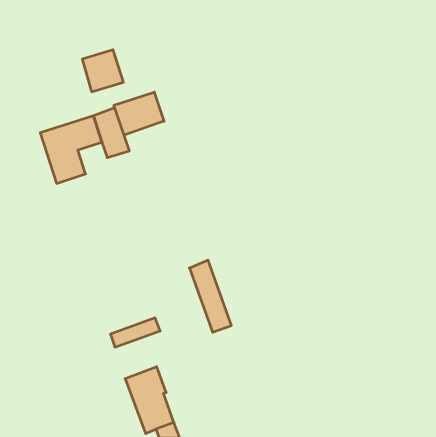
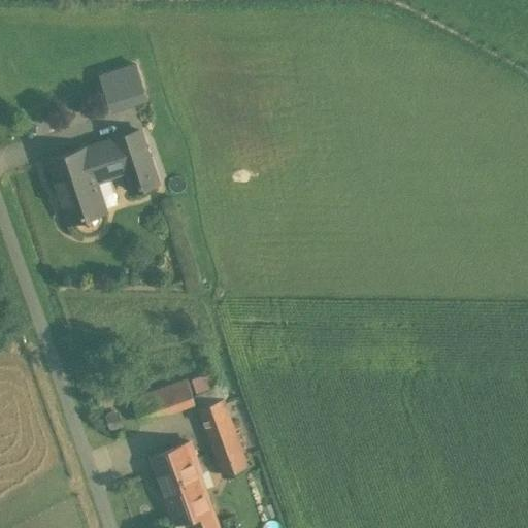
building: [114,92,164,135] -> none
building: [189,260,231,332] -> [197,390,248,476]

